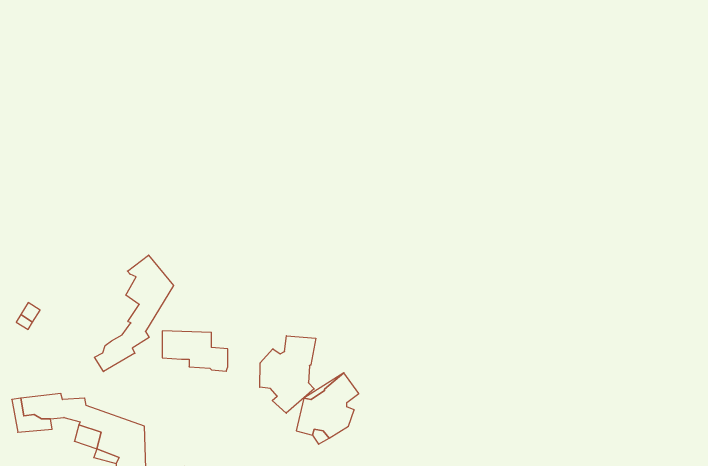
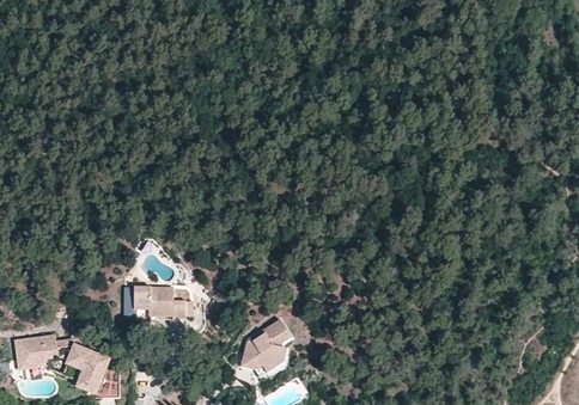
building: [94,255,174,372] -> none
building: [260,336,316,413] -> none

